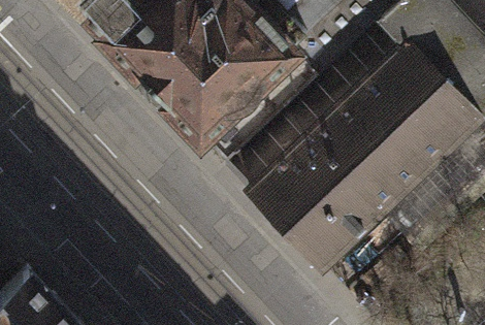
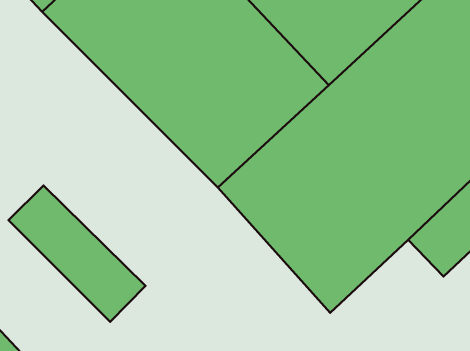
building: none -> [8,185,145,322]

